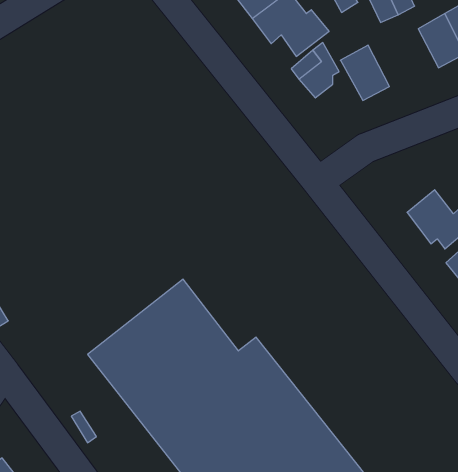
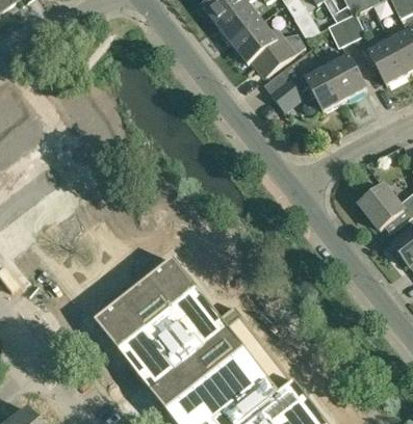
building: none -> [328,54,367,100]

